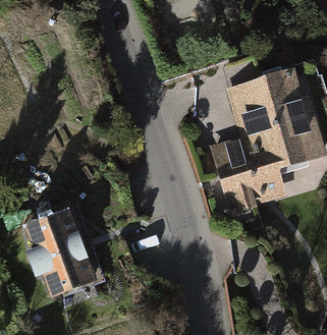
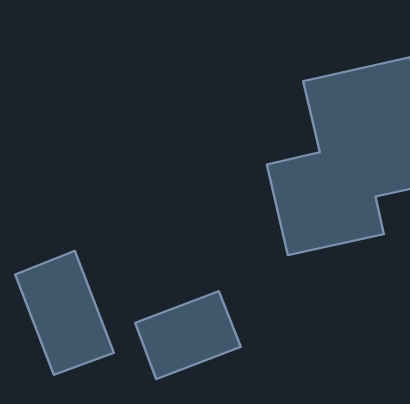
building: none -> [135,291,241,379]

